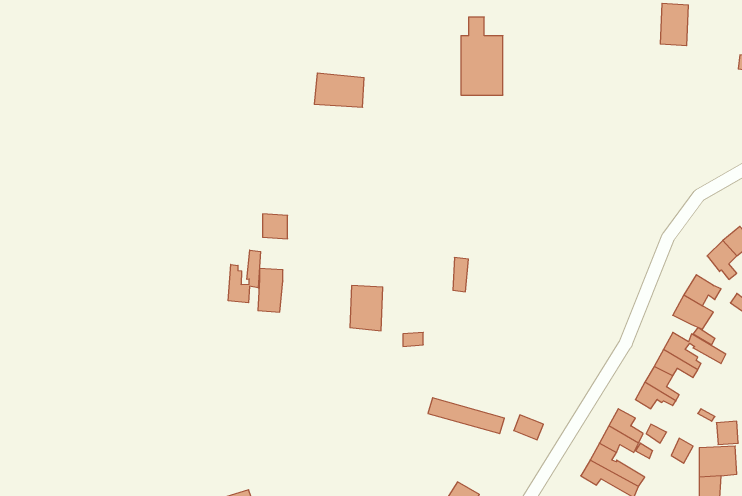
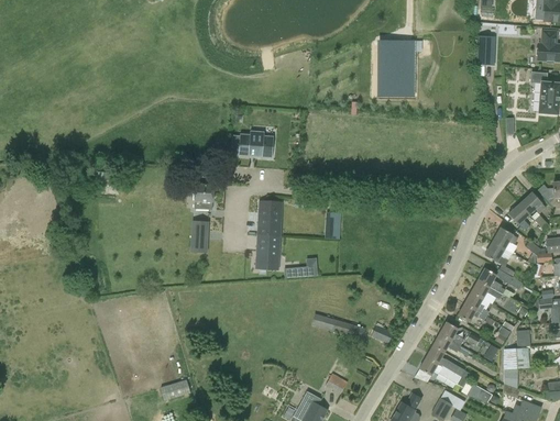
building: [461,17,503,95] -> [381,40,410,95]
building: [314,73,364,107] -> [238,135,273,159]
building: none -> [257,203,282,235]
building: [228,250,261,303] -> none

